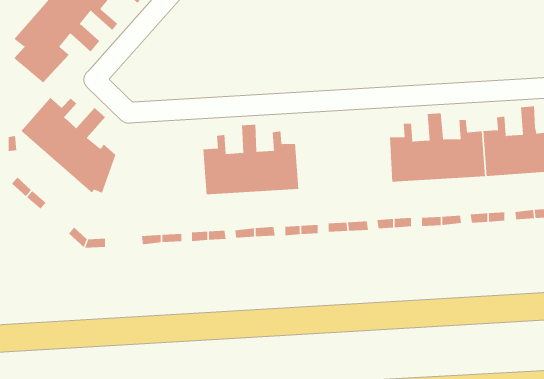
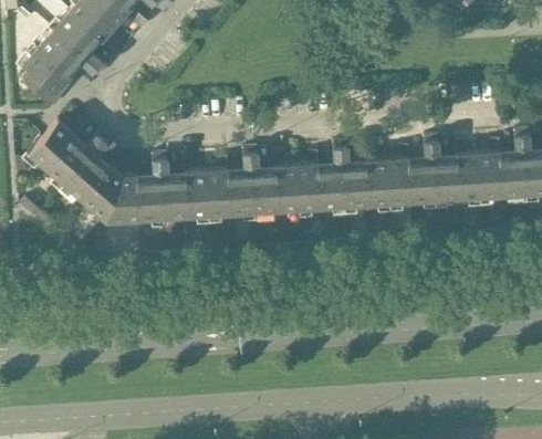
building: none -> [296,145,389,213]
building: none -> [108,157,209,224]

